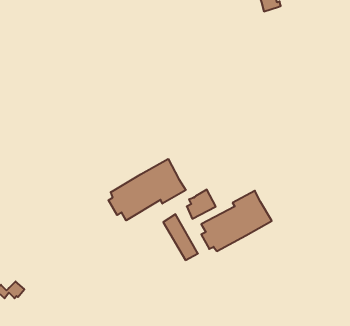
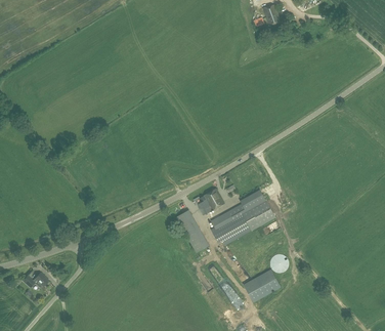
building: [108,159,186,220] -> none
building: none -> [244,268,281,301]

